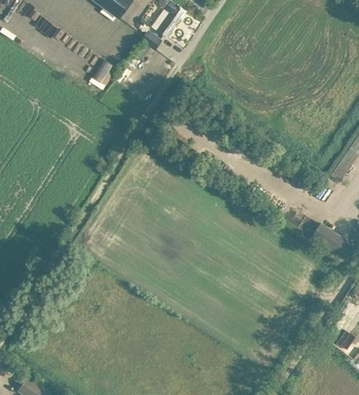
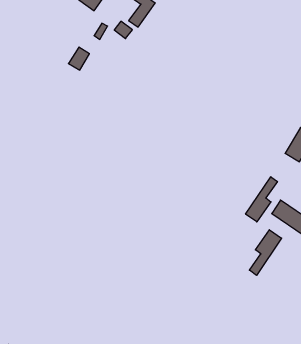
building: none -> [246,177,277,222]
building: none -> [249,230,282,275]

